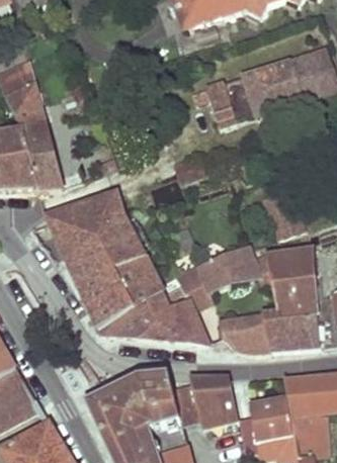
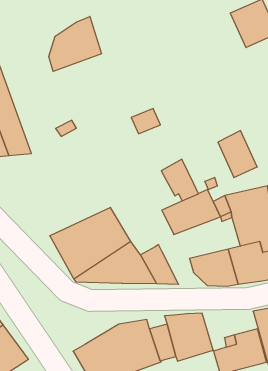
building: none -> [49,16,101,71]
building: [192,60,304,126] -> none
building: [46,191,143,279] -> none
building: [174,263,212,307] -> [161,159,198,201]

